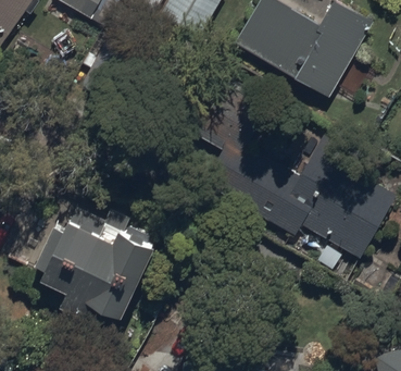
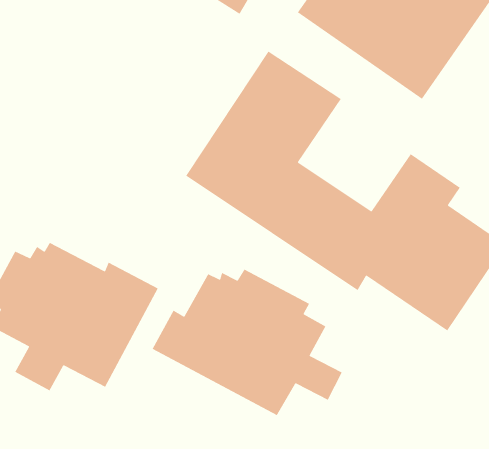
building: none -> [152,269,343,416]

